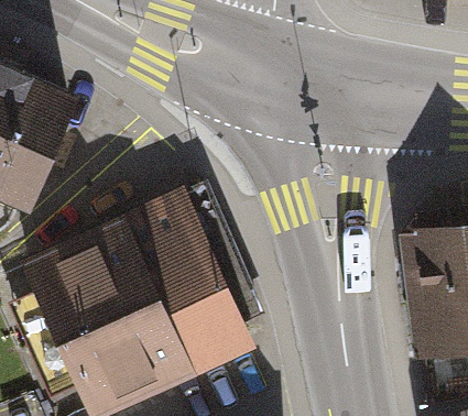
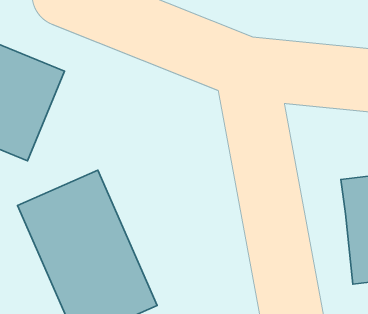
building: [119,193,255,382] -> none

